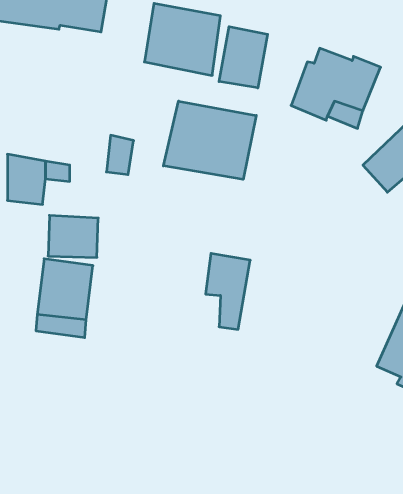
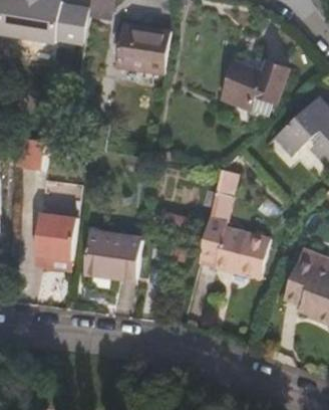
building: [219,27,268,88] -> none
building: [163,101,256,179] -> none
building: none -> [198,172,271,283]
building: none -> [83,232,140,277]

